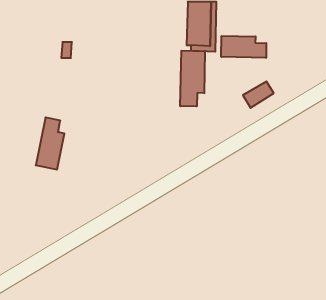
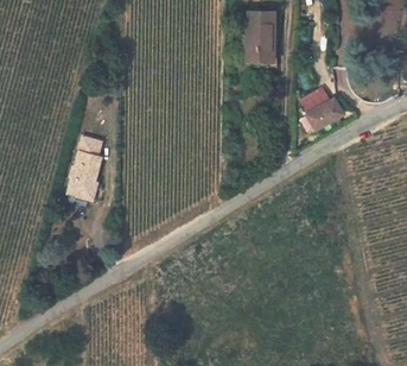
building: [221,36,266,58] -> none
building: [180,51,205,106] -> none

